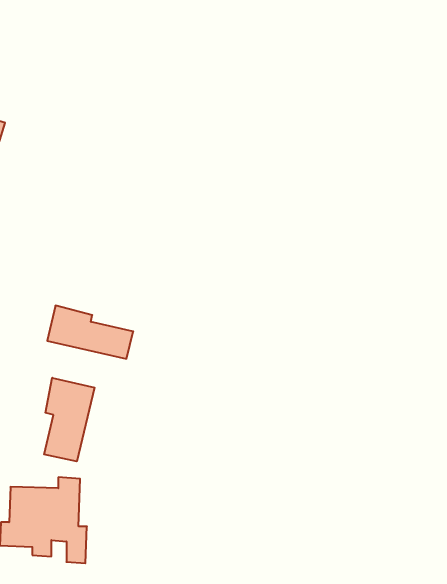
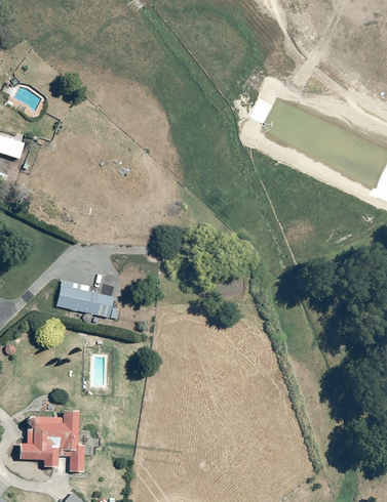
building: [44,378,95,461] -> none

